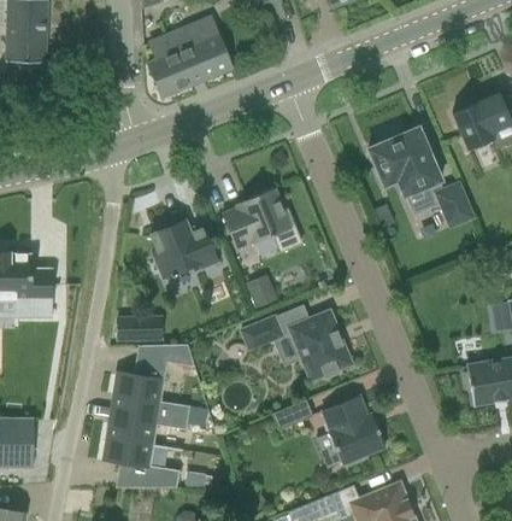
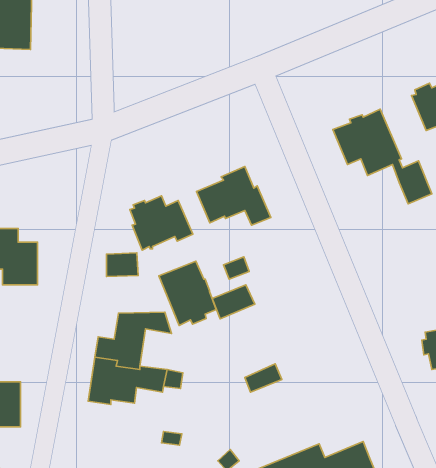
building: [147,24,233,96] -> none
building: [289,311,351,380] -> [159,261,216,325]
building: [114,316,148,341] -> [106,253,138,277]
building: [322,394,386,466] -> none
building: [102,438,180,487] -> none

